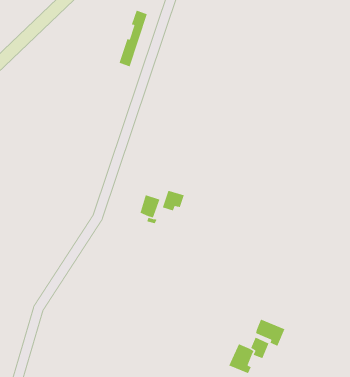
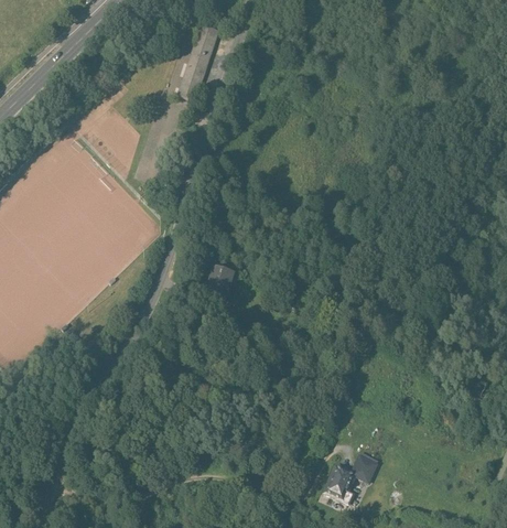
building: [162,190,185,212] -> none
building: [255,319,286,347] -> none

